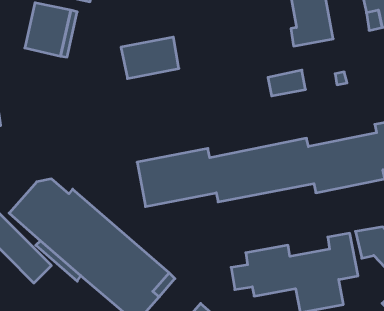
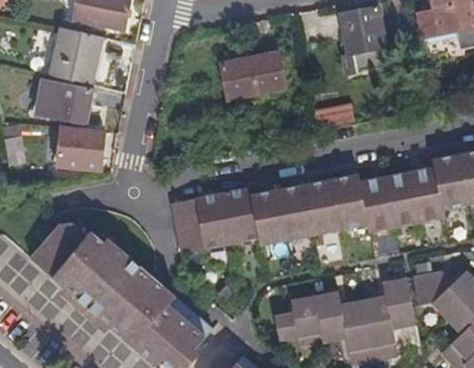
building: [121,37,179,79] -> [219,53,283,99]
building: none -> [34,82,89,124]
building: none -> [56,126,112,169]

